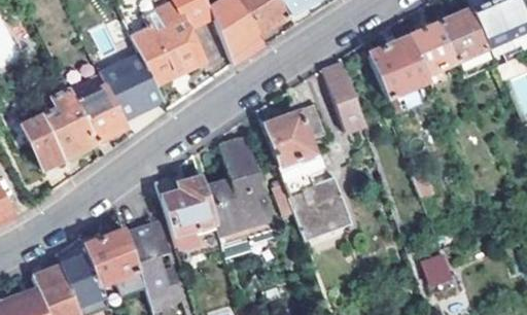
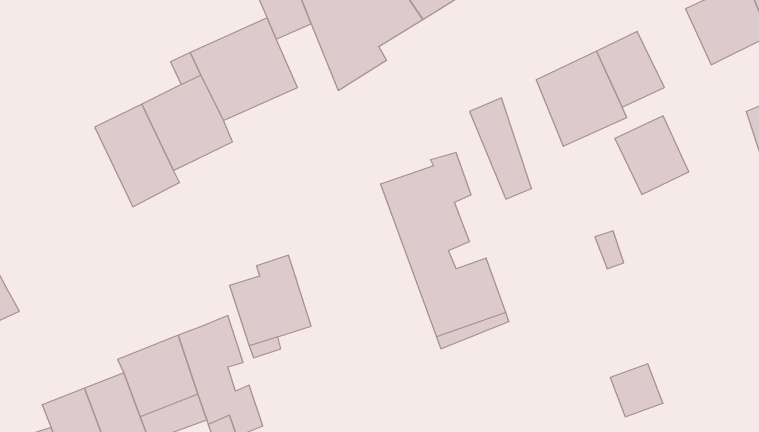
building: [438,7,489,61] -> [615,116,689,194]
building: [19,89,96,171] -> none
building: [206,141,278,262] -> none

